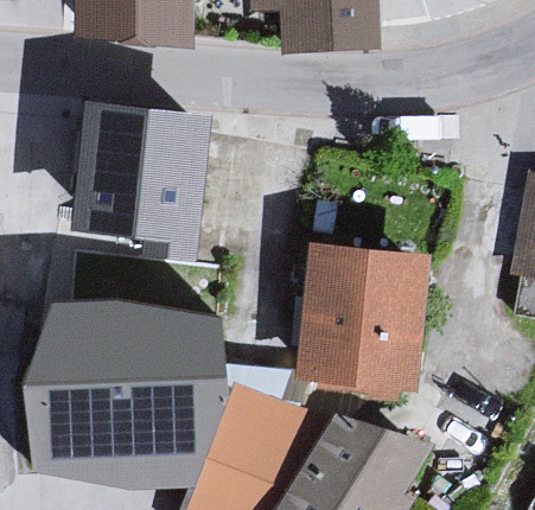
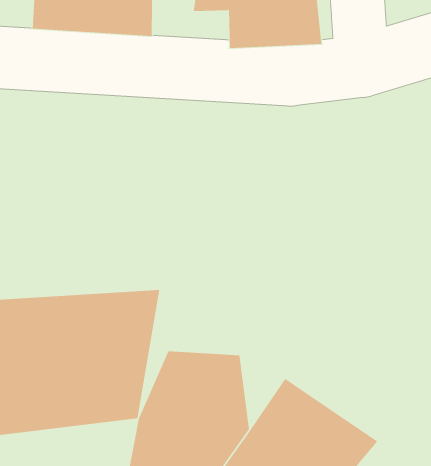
building: [72,110,198,259] -> none
building: [297,241,444,403] -> none

